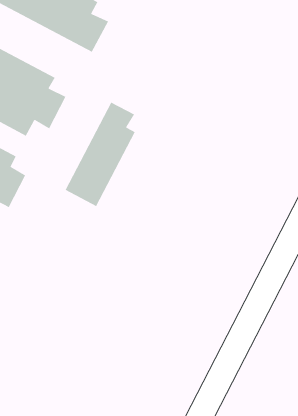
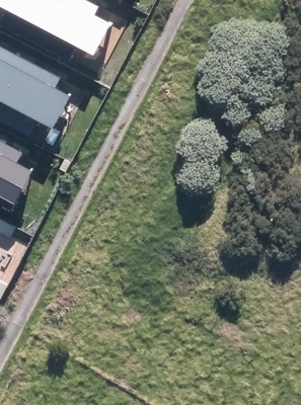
building: [65,102,136,207] -> none

